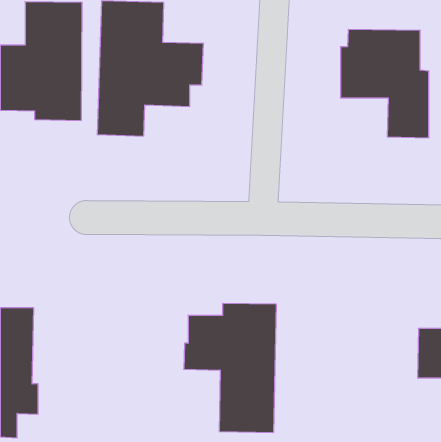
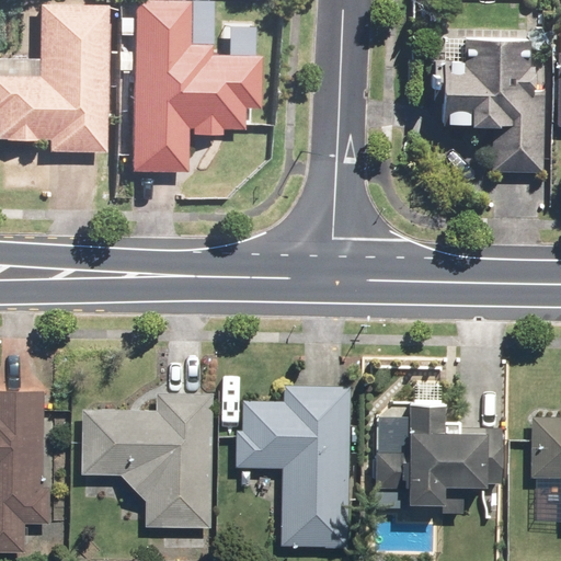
building: none -> [80,392,214,529]
building: none -> [375,403,502,506]

